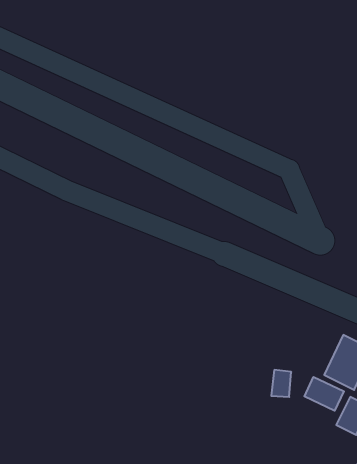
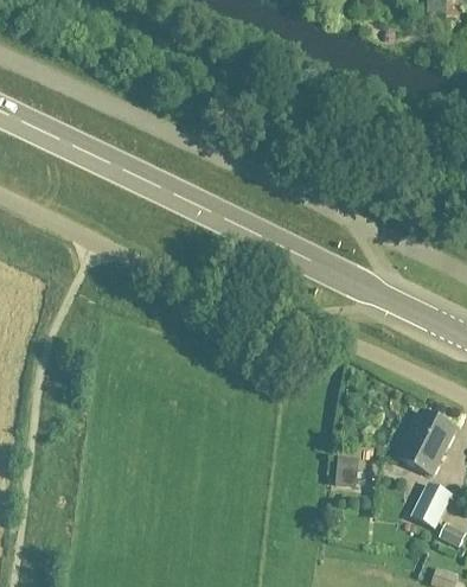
building: [304,377,344,411] -> none

